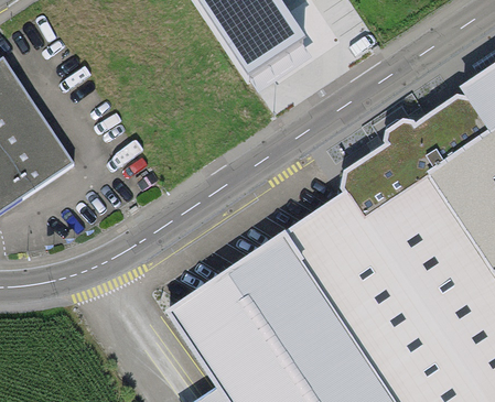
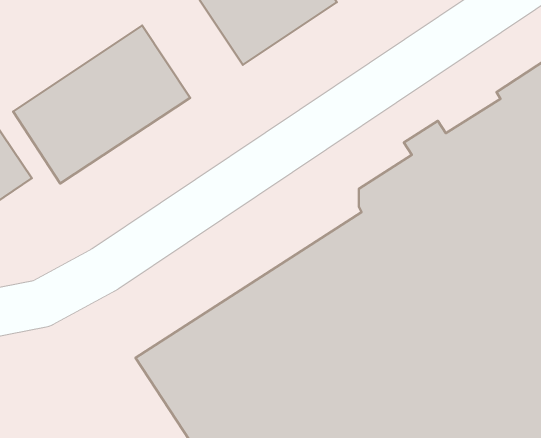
building: none -> [13,25,190,184]

